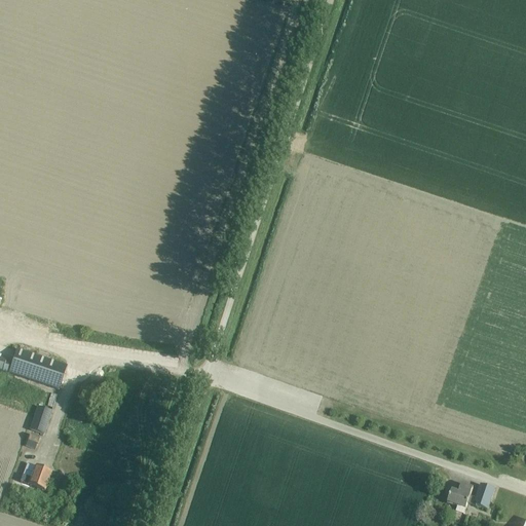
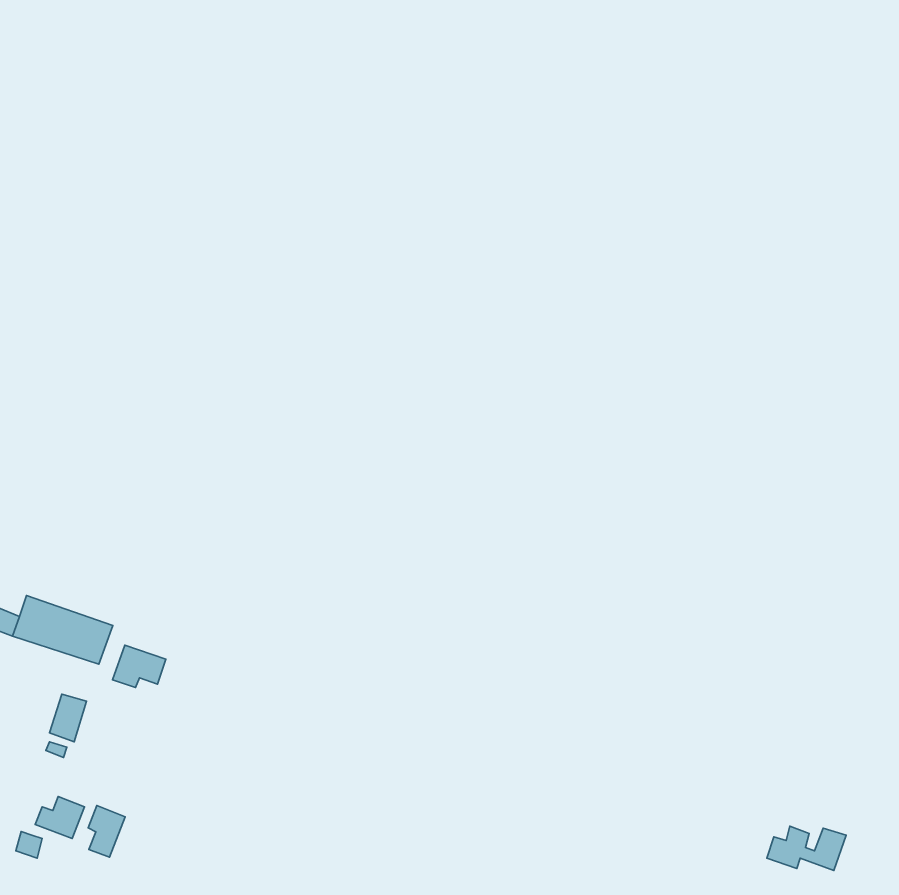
building: none -> [113,645,166,687]
building: none -> [88,805,125,857]

